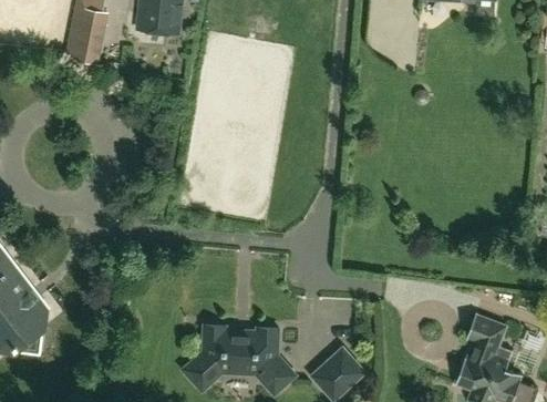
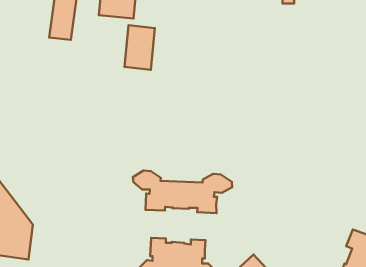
building: none -> [124,25,155,70]
building: none -> [133,171,232,213]

